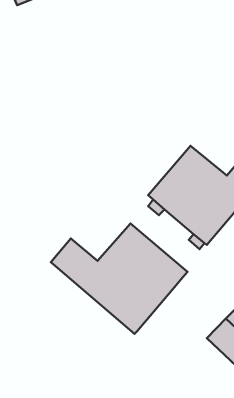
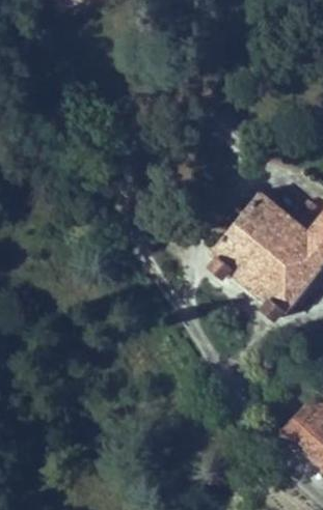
building: [51,224,187,334] -> none

